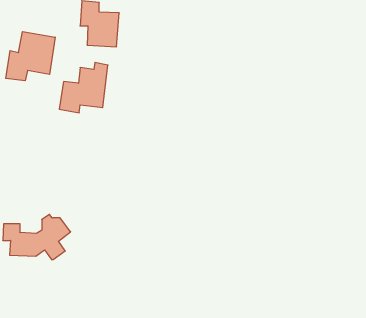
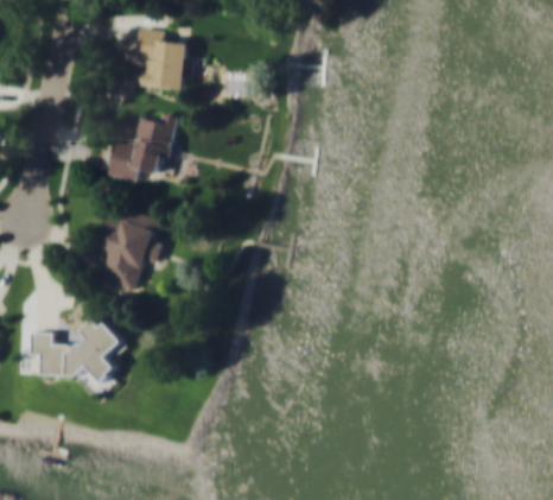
building: [6,32,55,81] -> none
building: none -> [91,208,161,290]

